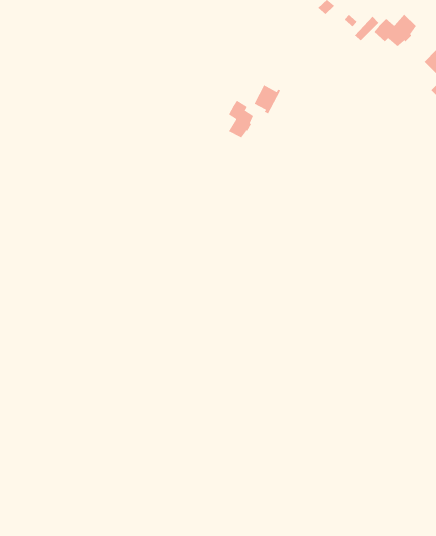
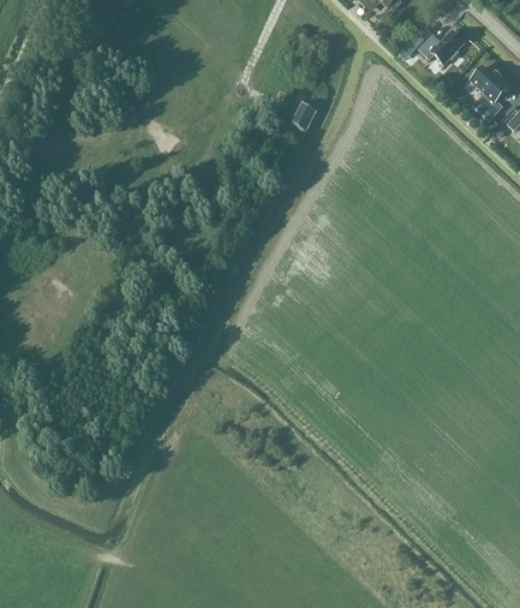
building: [228,100,254,138] -> none

